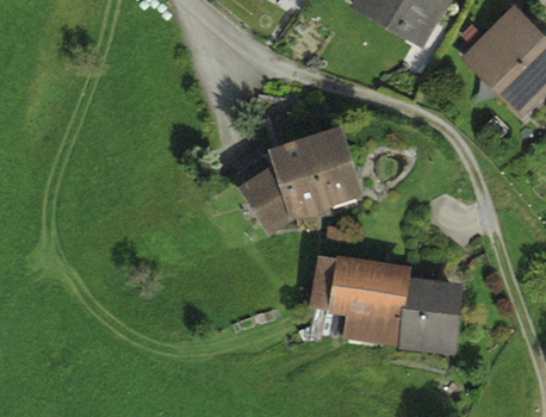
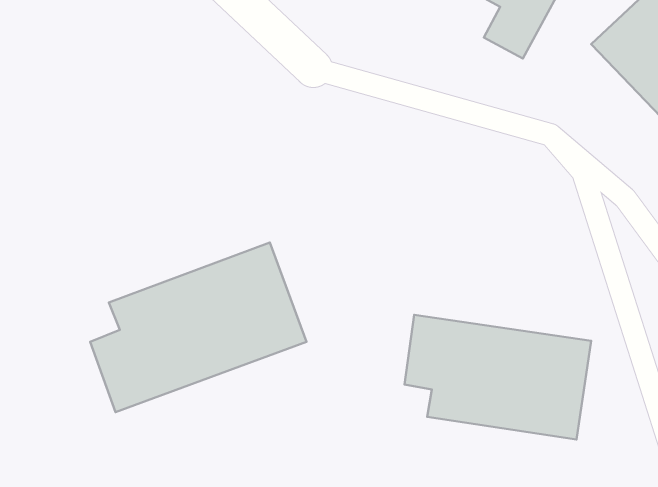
building: [240,125,365,234] -> none
building: none -> [90,242,307,412]

